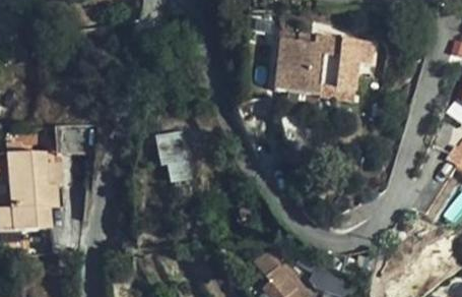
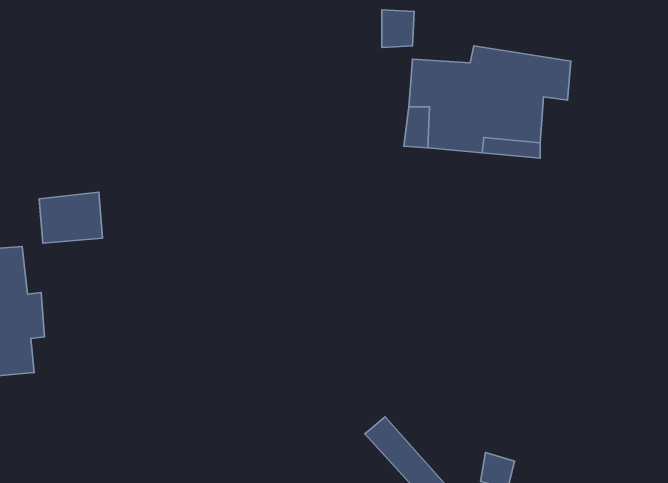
building: [158,125,192,179] -> none

